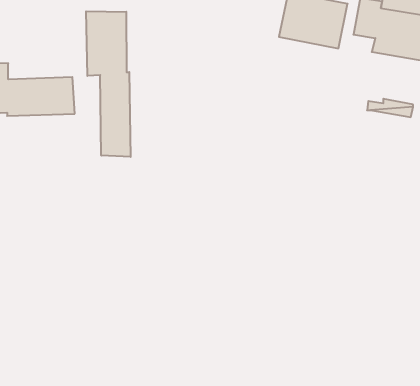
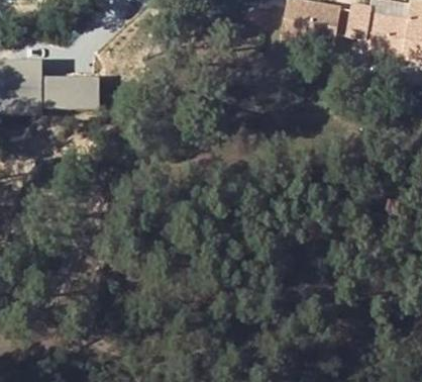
building: [86,11,131,157] -> none

